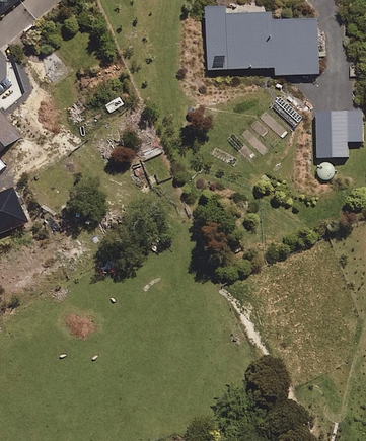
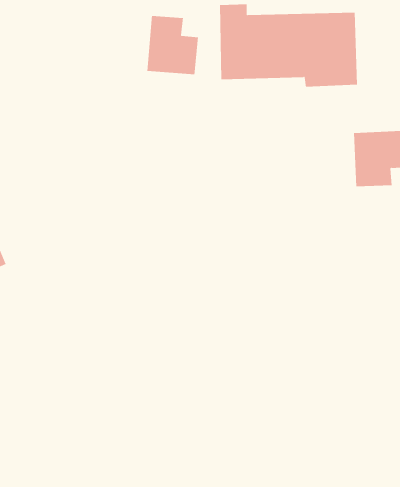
building: none -> [147,15,199,75]

